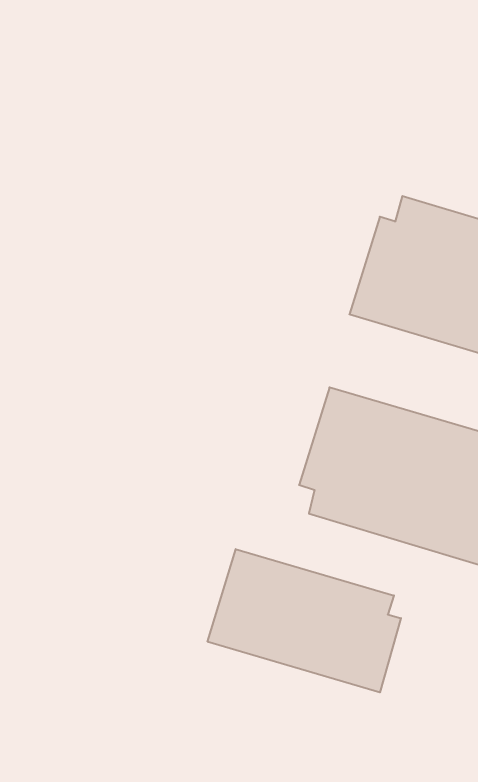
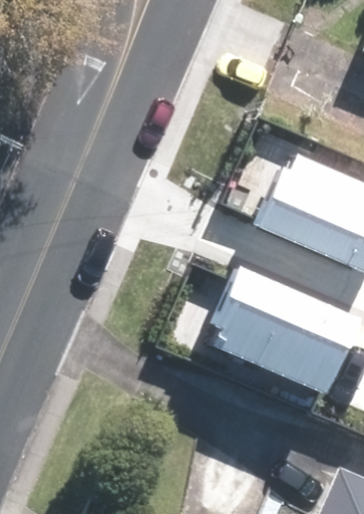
building: [208,549,401,692] -> none

